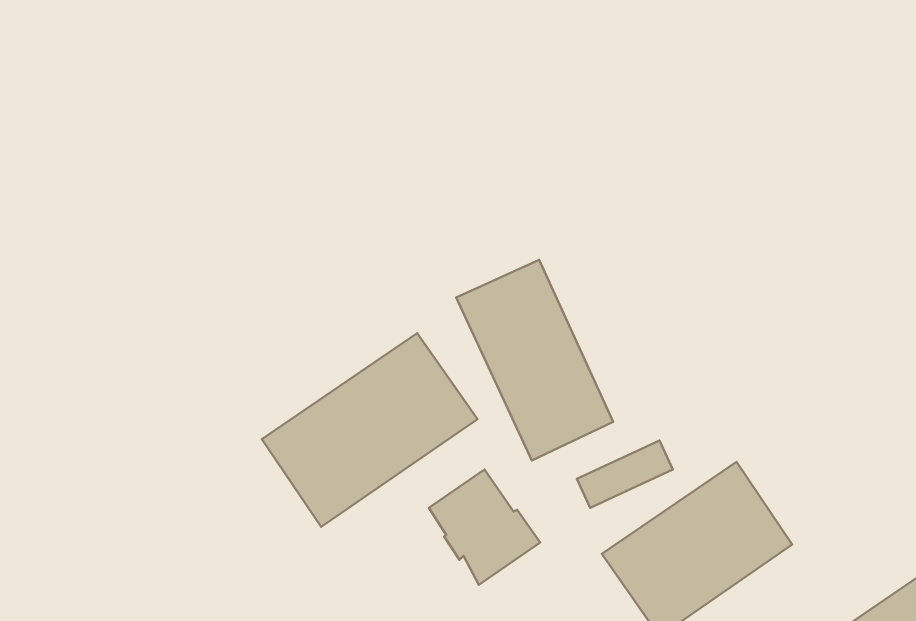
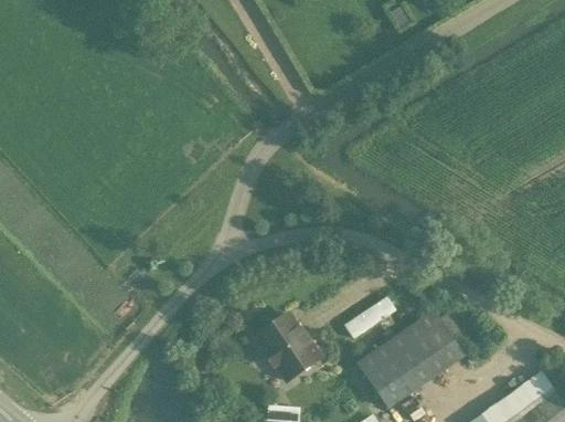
building: [456,260,613,460] -> none
building: [262,333,477,527] -> none

